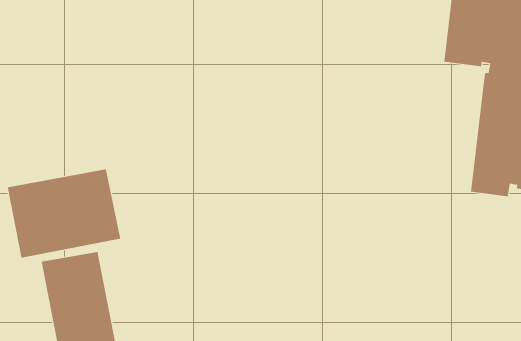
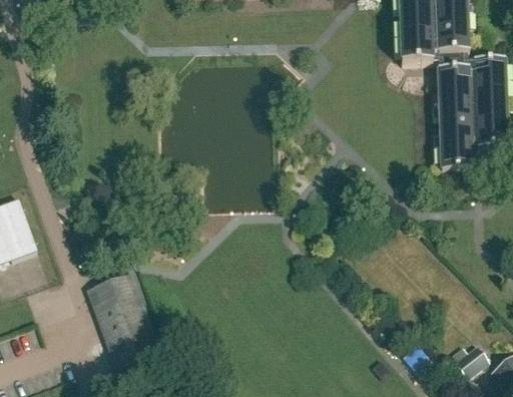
building: [7,168,121,258] -> none

